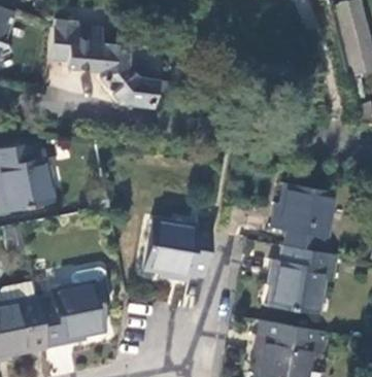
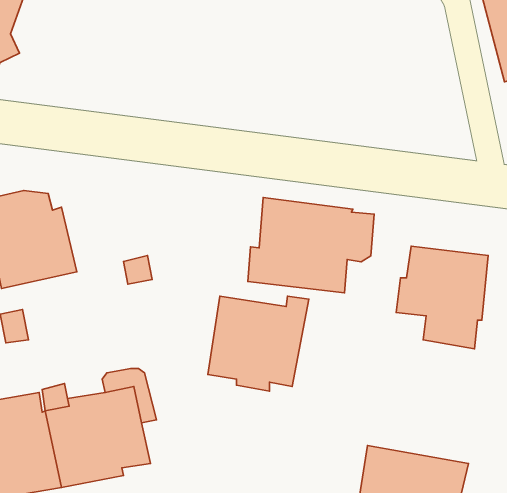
building: [48,21,155,107] -> none
building: none -> [248,198,374,293]
building: [262,245,336,315] -> none

